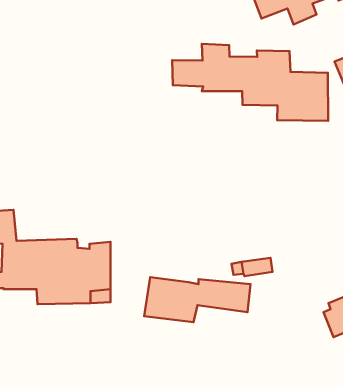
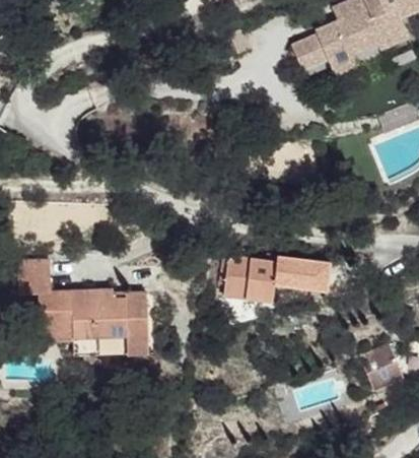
building: [172,44,328,121] -> none
building: [144,277,250,322] -> [222,256,330,302]

